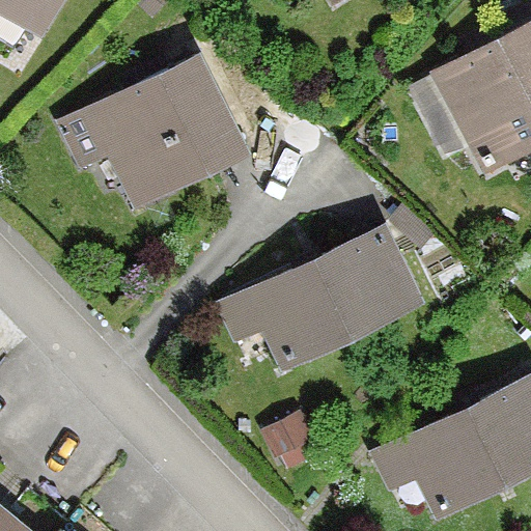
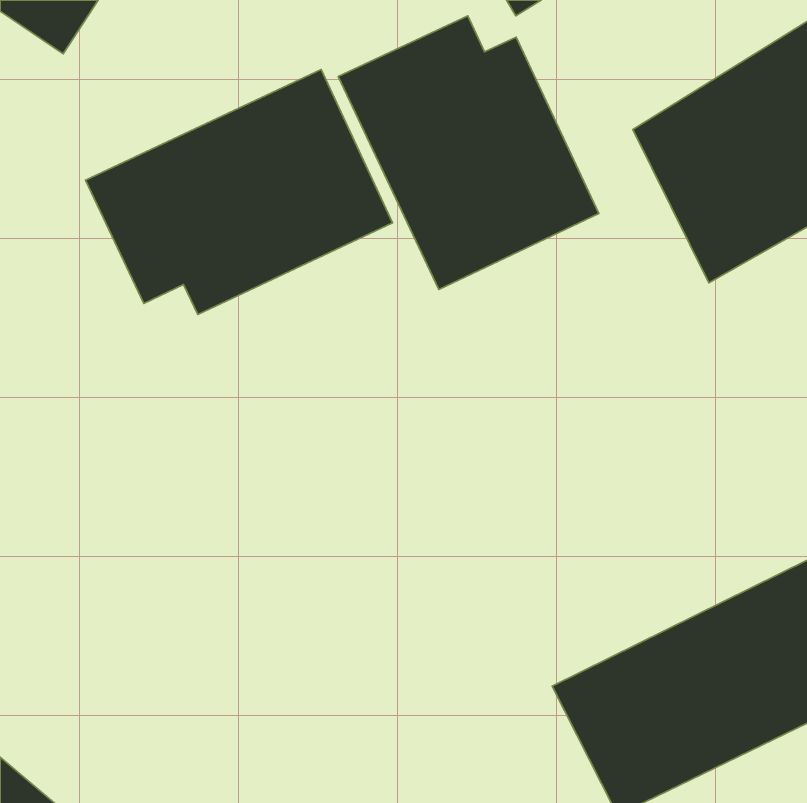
building: none -> [338,16,599,290]
building: [214,220,429,383] -> none

